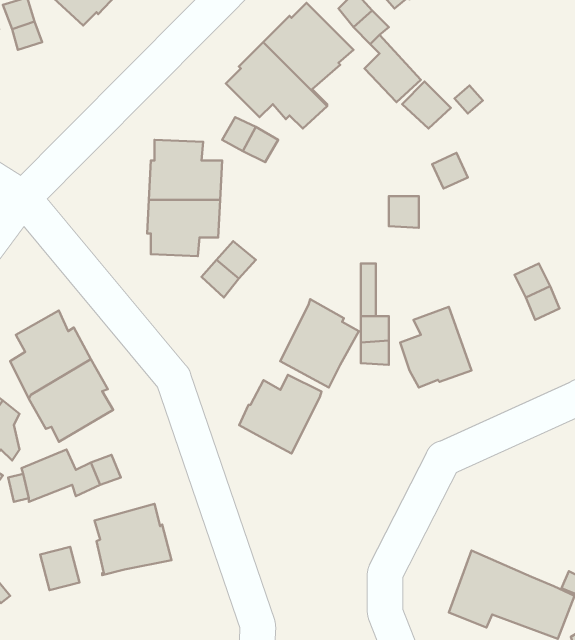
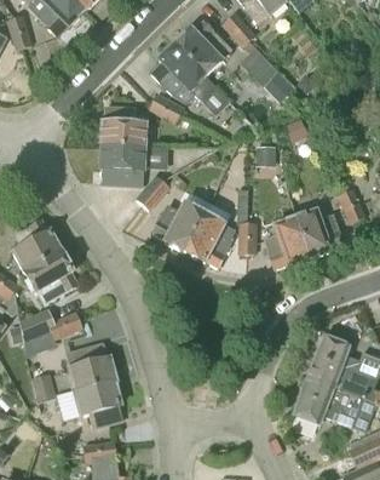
building: none -> [294,208,344,258]
building: [239,375,322,453] -> [151,201,205,252]
building: none -> [309,337,370,398]
building: none -> [70,381,121,427]

